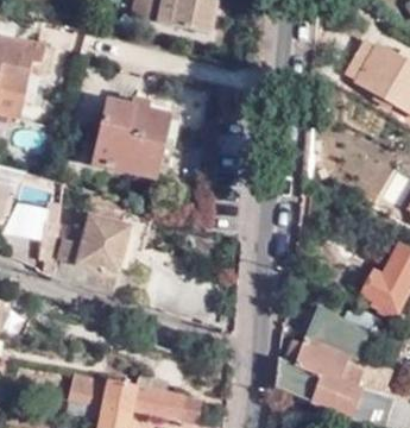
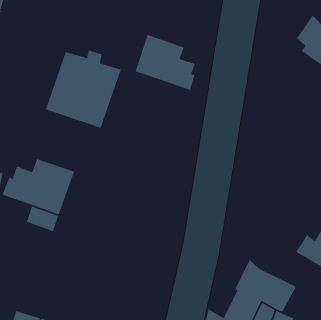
building: none -> [134,34,196,91]

